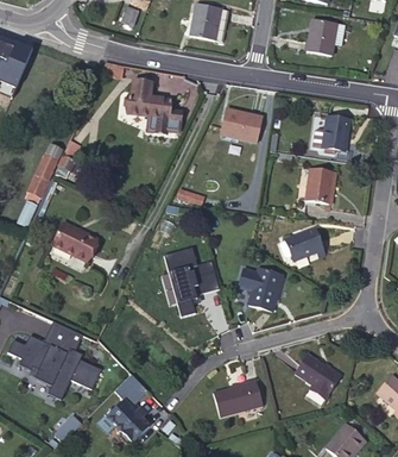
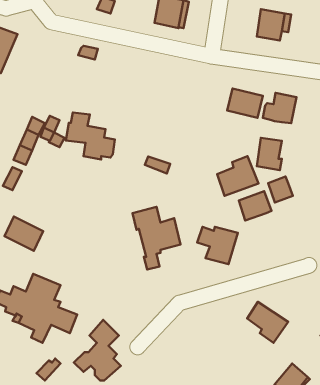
building: [126,80,182,133] -> [66,112,115,159]
building: [221,108,261,142] -> [227,89,263,118]
building: none -> [217,156,258,196]
building: none -> [268,177,293,203]
building: [52,221,96,261] -> [5,216,43,251]
building: [214,380,264,415] -> none

